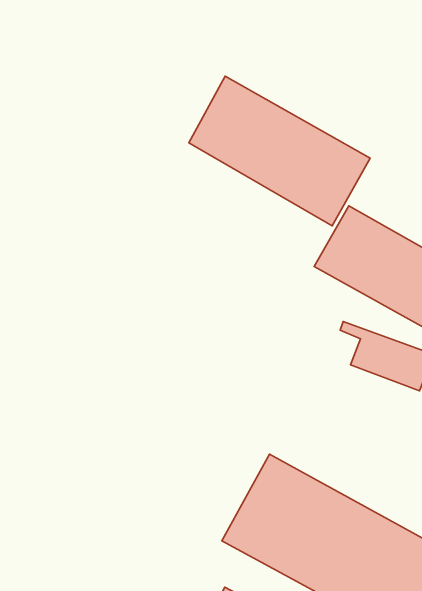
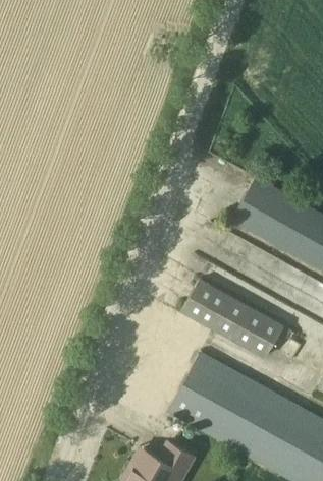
building: [189,76,370,226] -> none
building: none -> [181,277,285,358]

